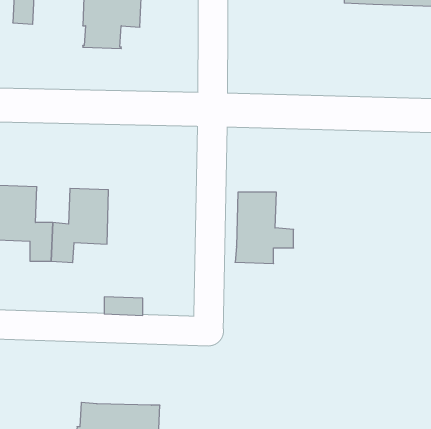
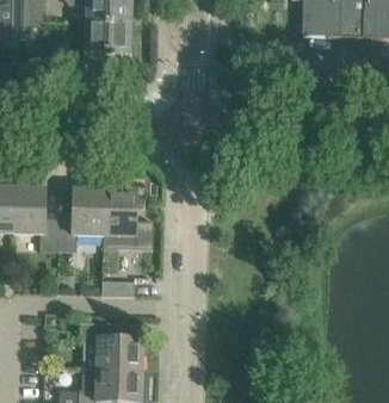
building: [235,192,294,264] -> [103,191,152,250]
building: none -> [80,323,142,371]

